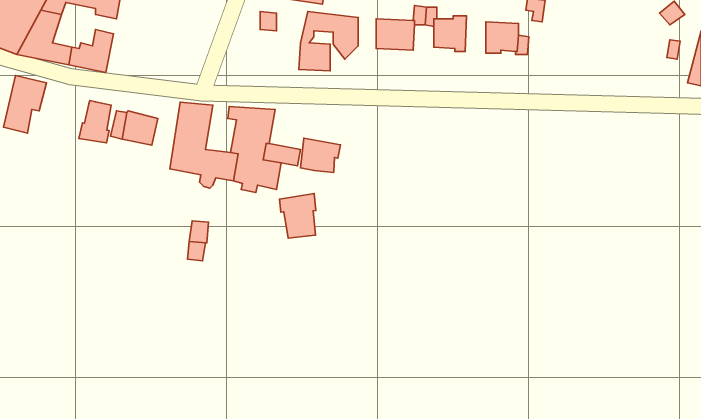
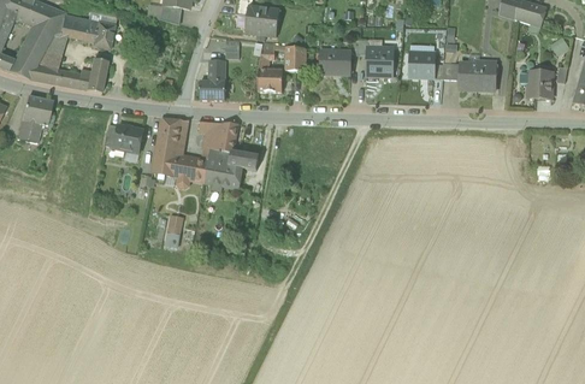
building: none -> [200,59,226,99]
building: none -> [460,60,498,89]
building: none -> [520,70,552,96]
building: [79,100,111,143] -> none
building: [300,138,340,172] -> none
building: [280,193,316,238] -> none

